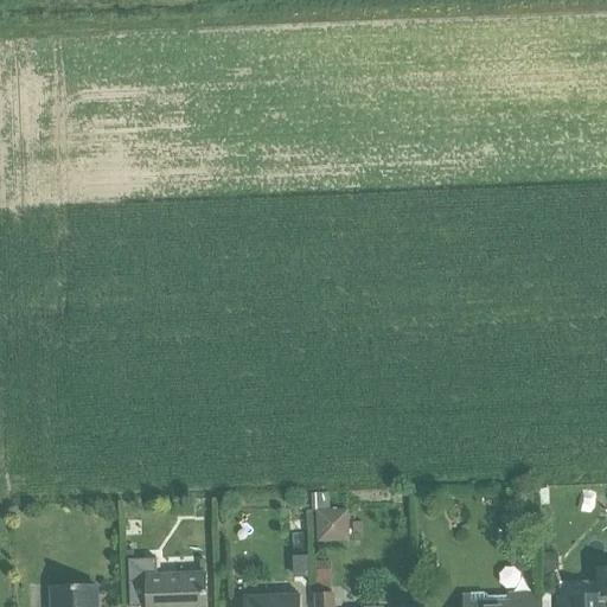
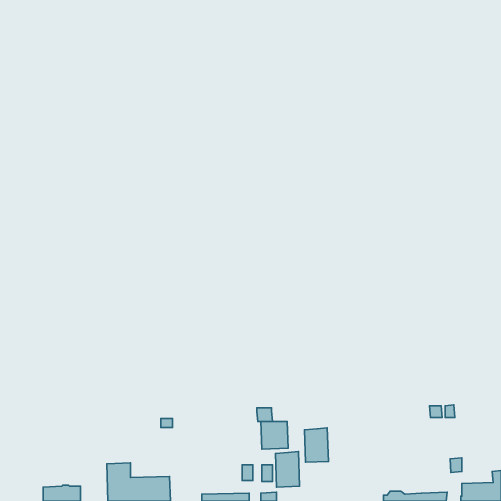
building: none -> [305,428,328,462]
building: none -> [275,452,300,487]

